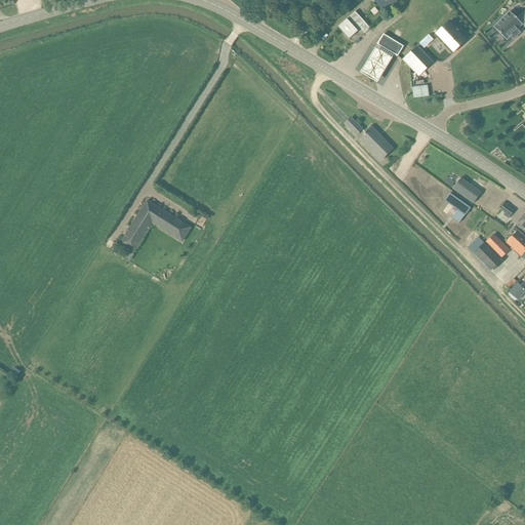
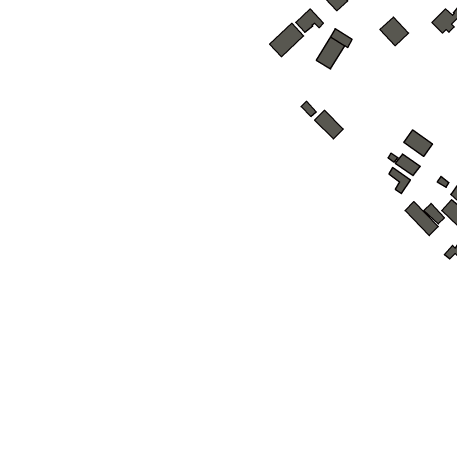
building: none -> [270,23,304,57]
building: [405,45,434,74] -> none
building: none -> [404,130,432,156]
building: [121,199,192,251] -> none

